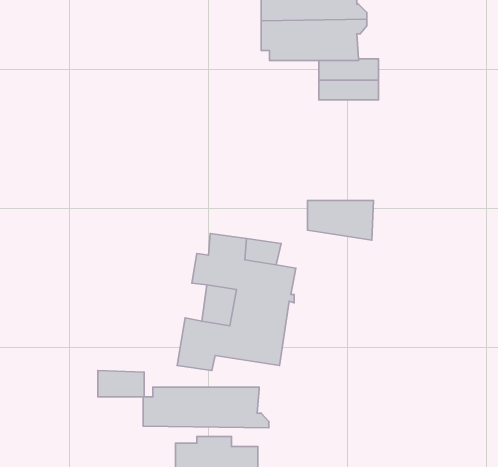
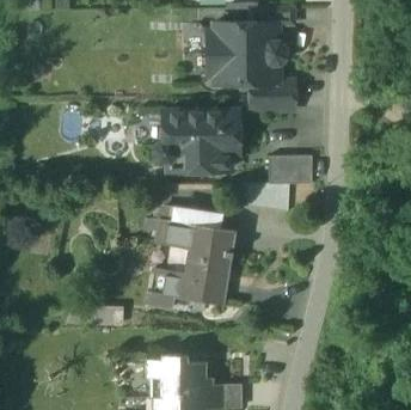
building: none -> [154,111,241,171]
building: none -> [269,157,313,184]
building: [143,387,269,428] -> none

